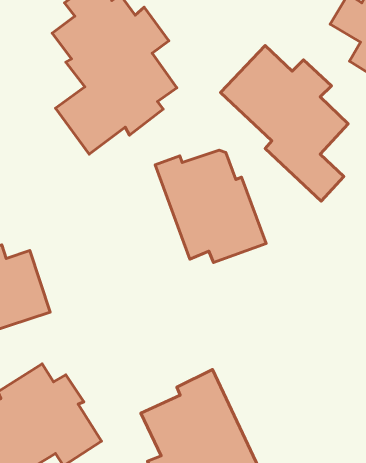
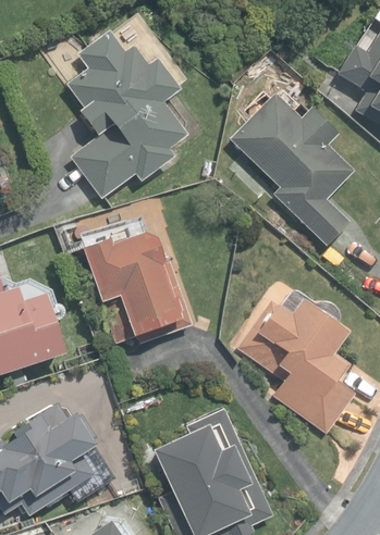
building: [155,150,266,262] -> [84,234,192,343]
building: none -> [237,299,354,432]

